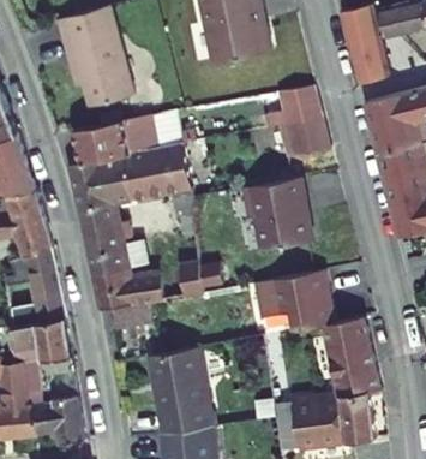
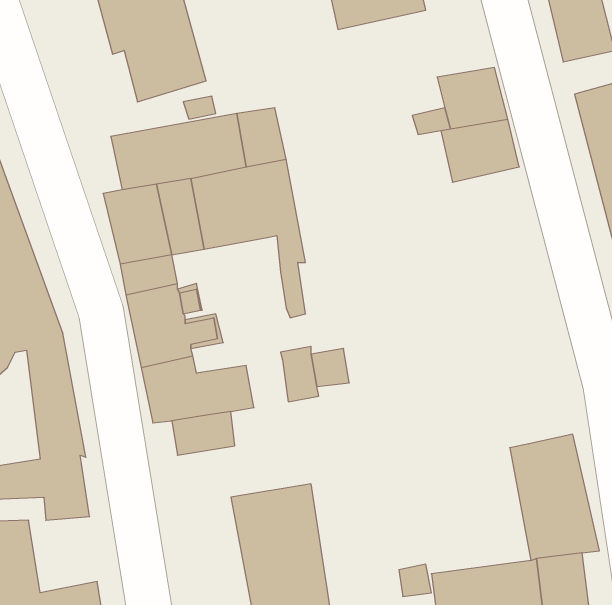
building: [246,175,313,248] -> none
building: [257,268,338,328] -> none

